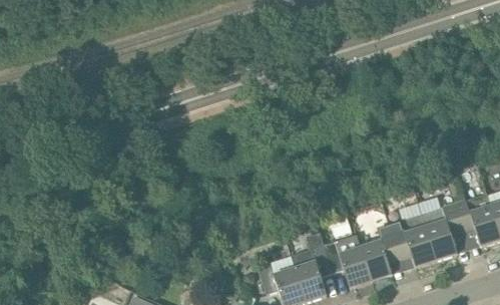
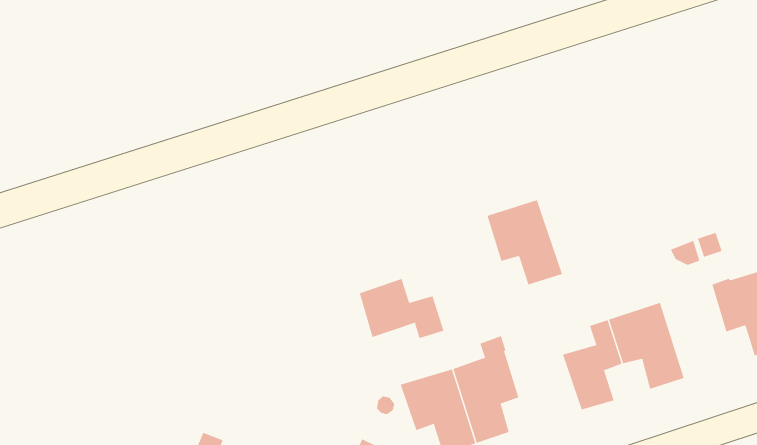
building: none -> [359,278,444,339]
building: [421,203,462,262] -> none
building: [323,235,371,289] -> [487,199,563,285]

